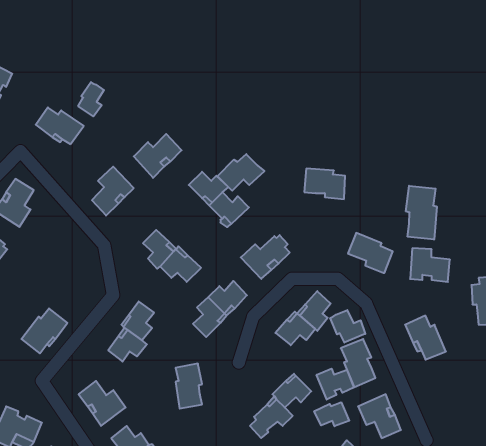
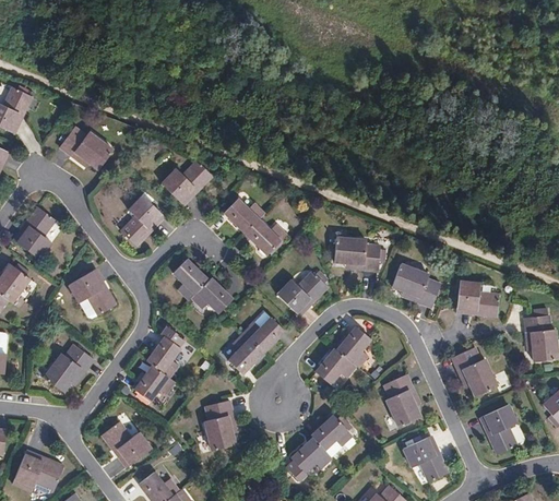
building: [78,82,104,116] -> none
building: [218,154,264,191] -> none
building: [304,169,345,199] -> [335,237,379,270]
building: [406,186,437,240] -> none
building: none -> [69,270,119,317]
building: [330,310,365,343] -> none
building: none -> [480,405,519,456]
building: [317,369,354,400] -> none
building: [314,402,349,426] -> none

